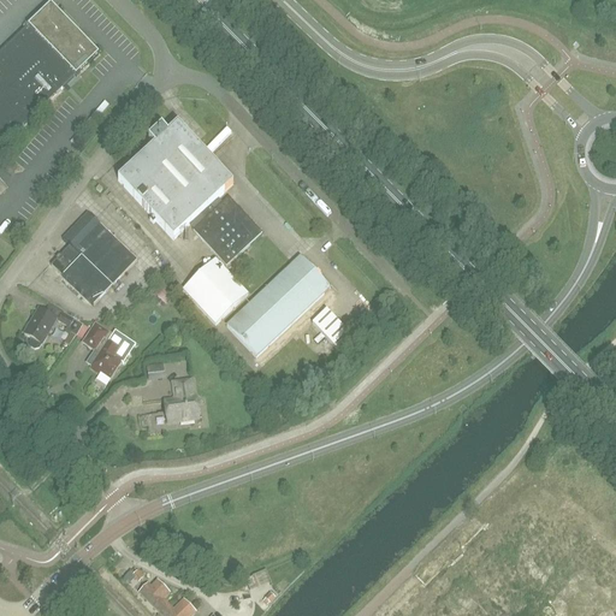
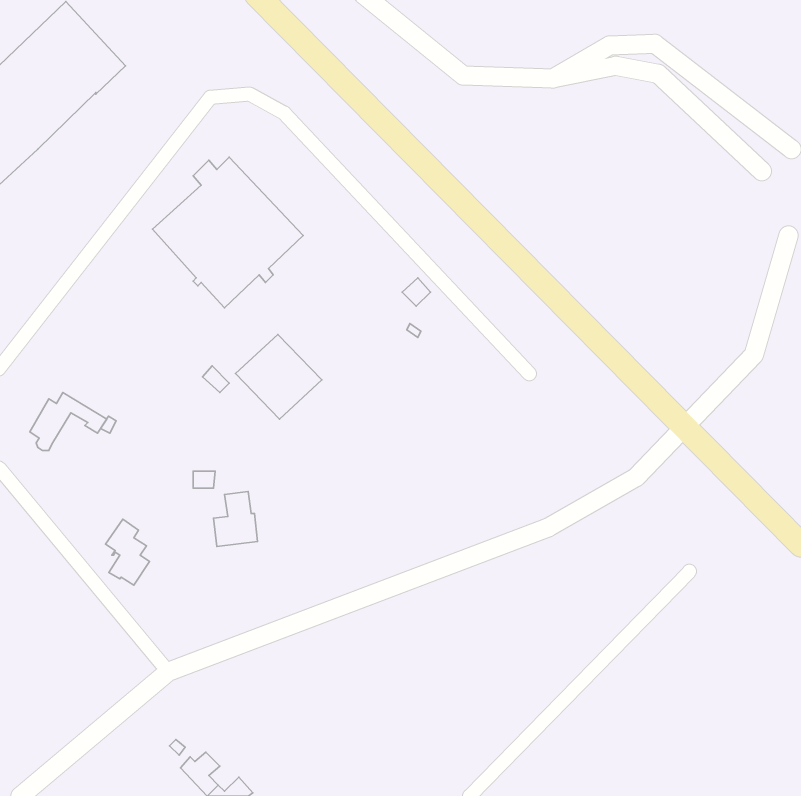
building: [191,194,260,262] -> none
building: [49,211,135,302] -> none
building: [225,253,328,355] -> none
building: [87,324,120,374] -> [106,519,150,585]

